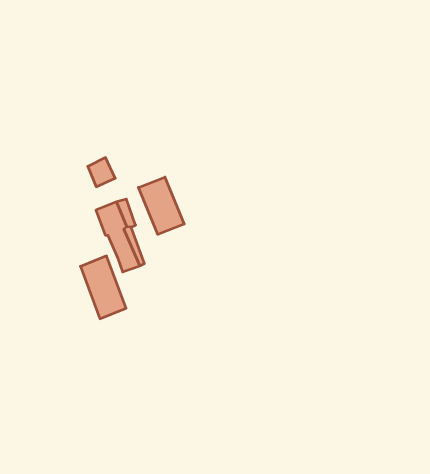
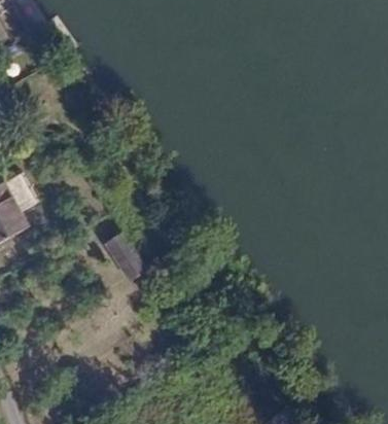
building: [138,177,184,234] -> none

